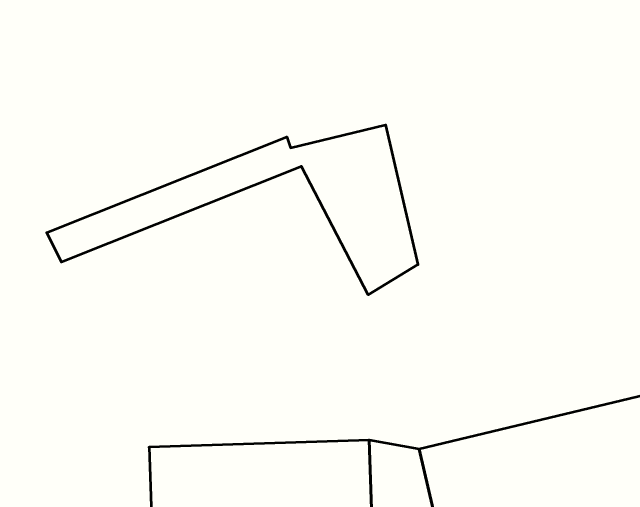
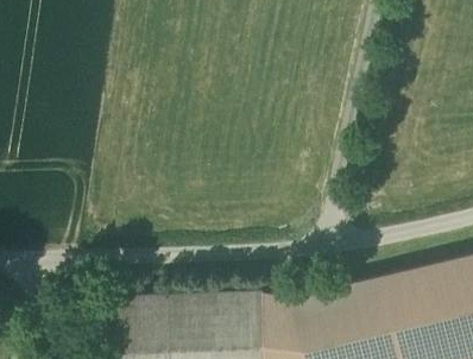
building: [47,125,418,295] -> none

